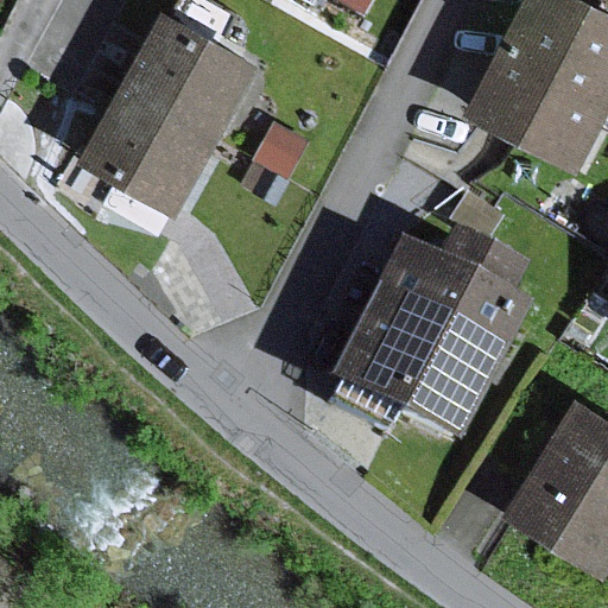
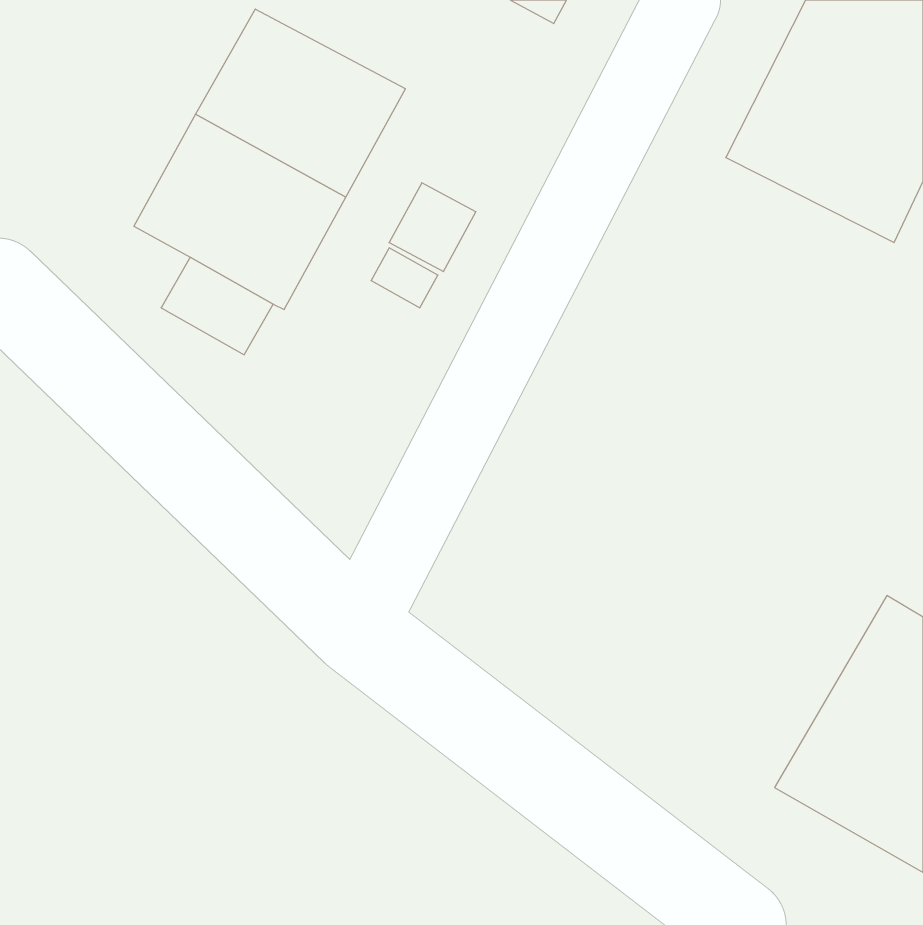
building: [328,233,527,444] -> none

